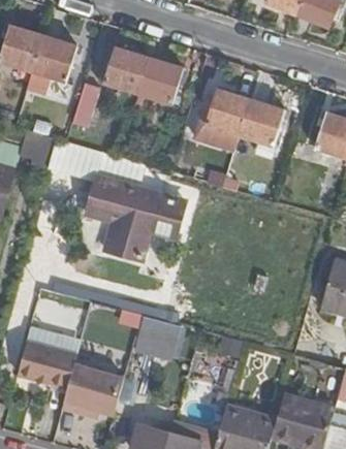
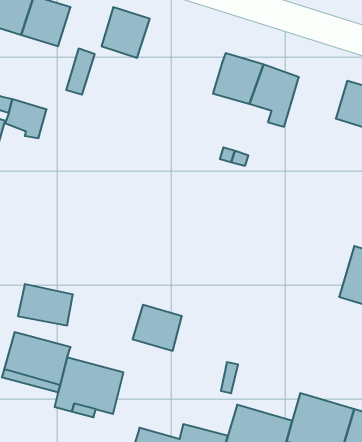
building: [136,57,182,103] -> none
building: [195,94,238,150] -> none
building: [86,175,181,258] -> none

